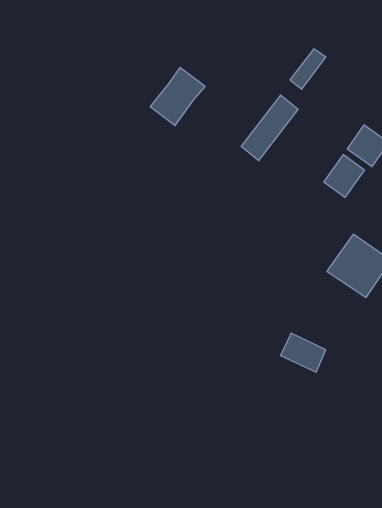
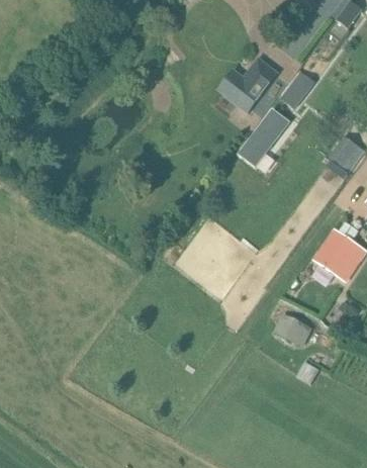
building: [150,67,205,126] -> [227,63,274,112]
building: [324,155,364,197] -> none

